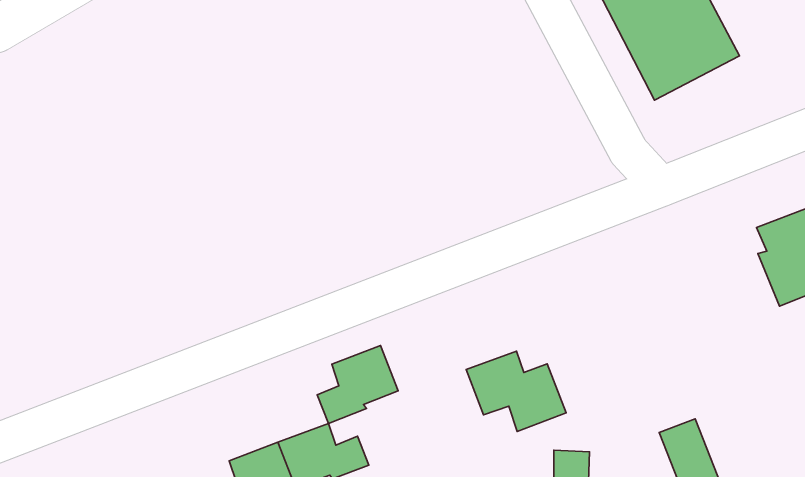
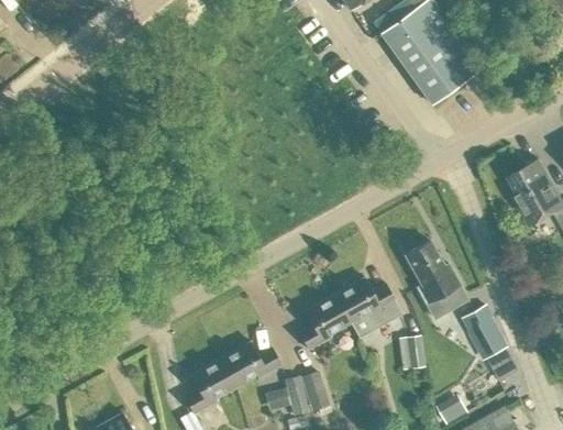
building: none -> [405,241,468,310]
building: [317,345,398,424] -> [298,295,350,350]

